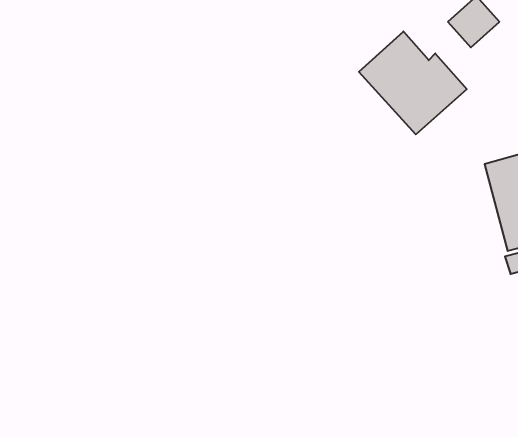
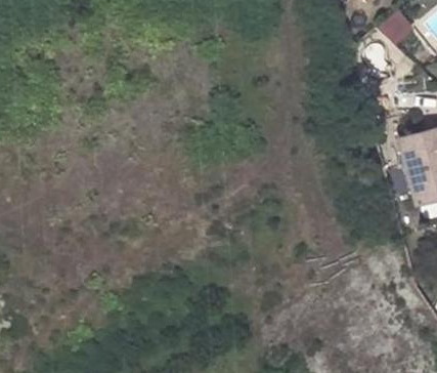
building: [359,31,467,134] -> none

